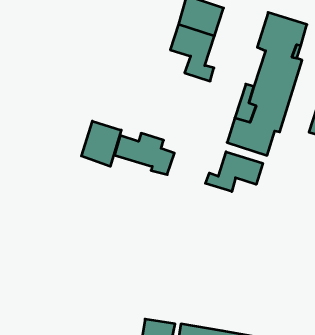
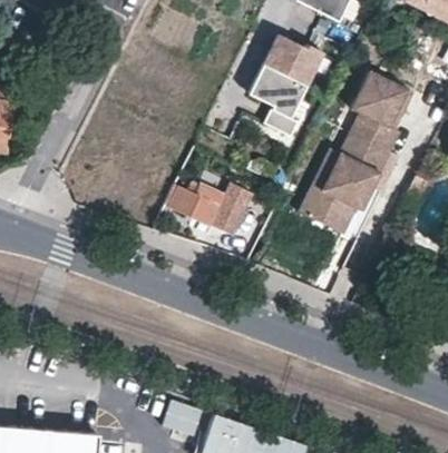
building: [81,121,121,166] -> none
building: [205,152,263,192] -> none

